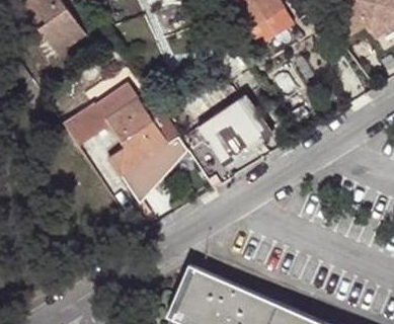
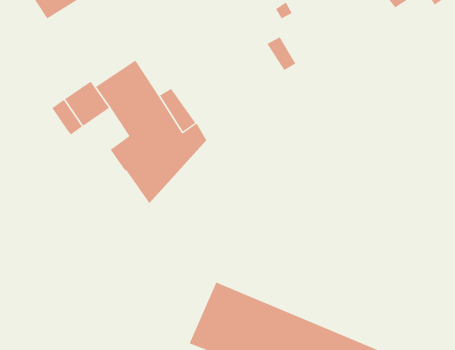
building: [181,94,273,187] -> none

